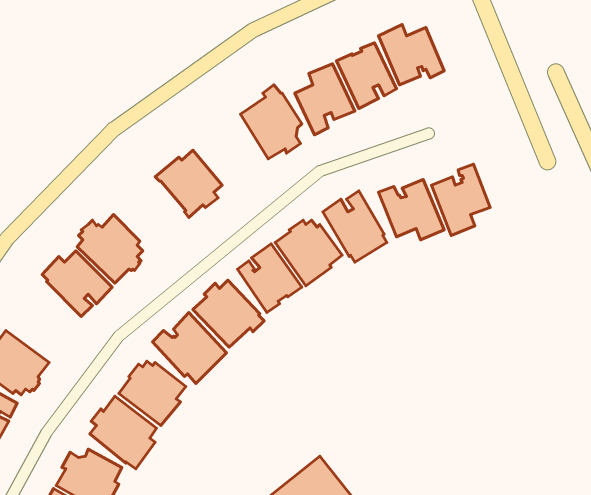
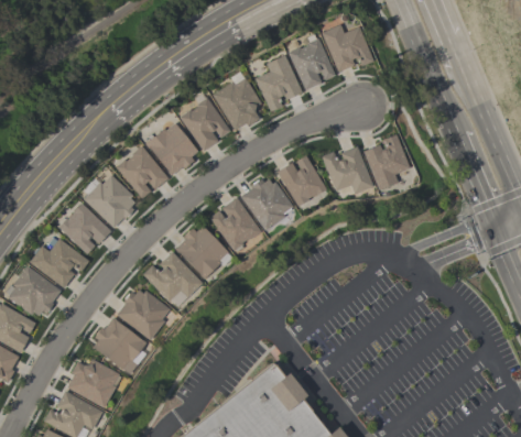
building: none -> [180,92,231,151]
building: none -> [117,145,169,198]
building: none -> [30,239,89,288]

